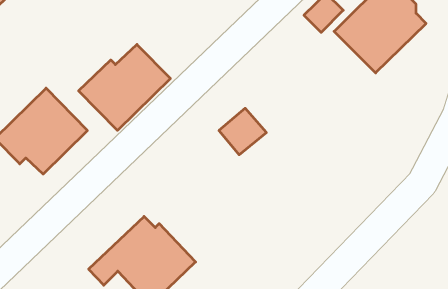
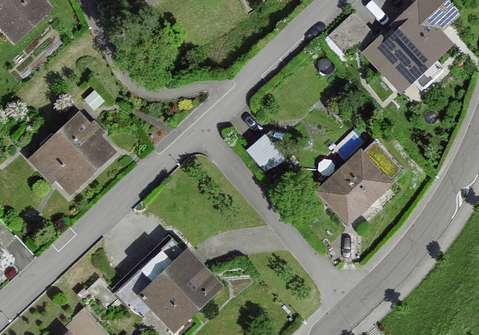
building: [79,44,170,130] -> none
building: none -> [313,151,389,228]

